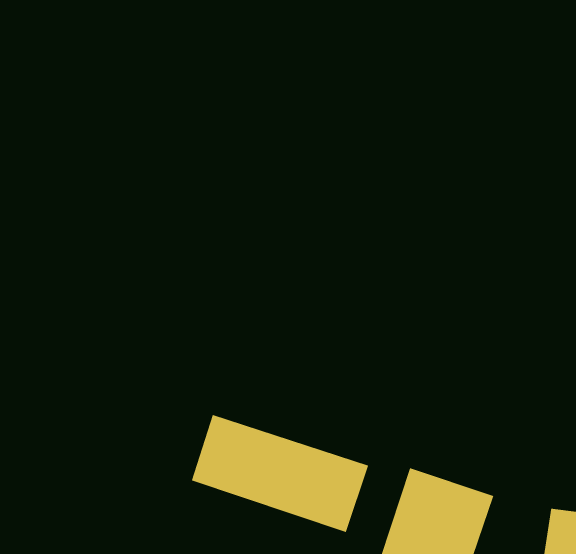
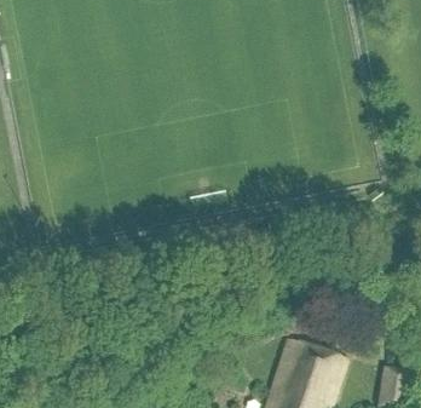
building: [191,414,369,533] -> none

